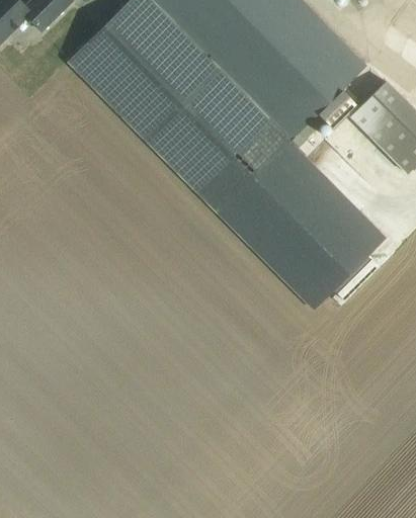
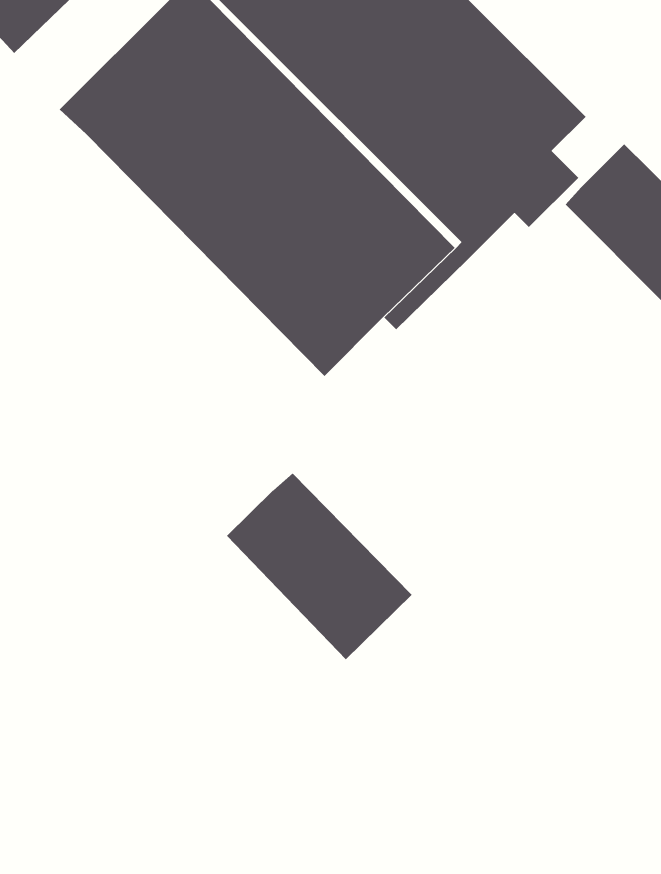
building: [217,148,385,309] -> none
building: none -> [226,473,413,660]

